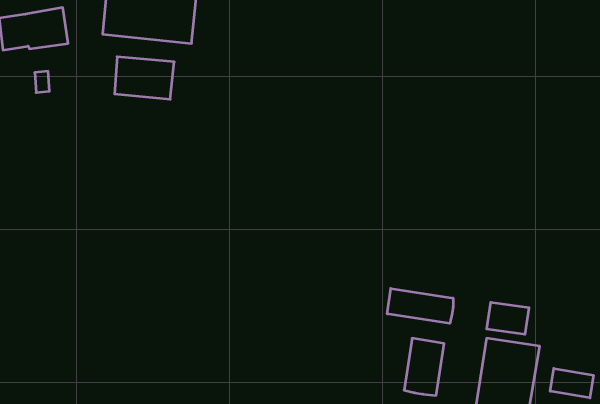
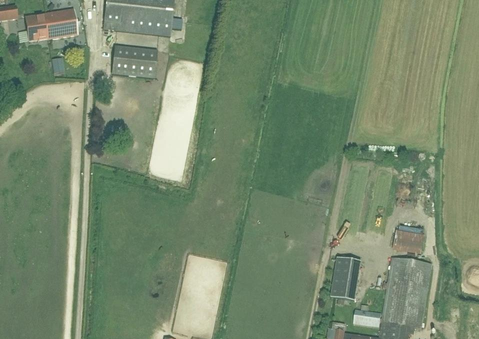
building: [387,288,453,323] -> none
building: [550,368,593,398] -> none

